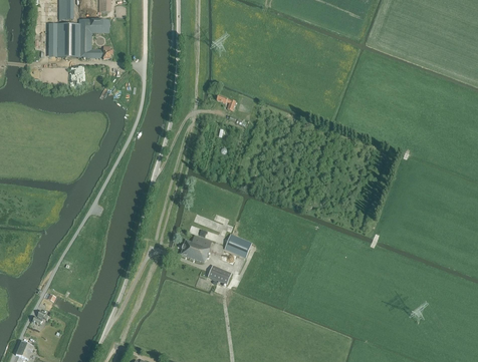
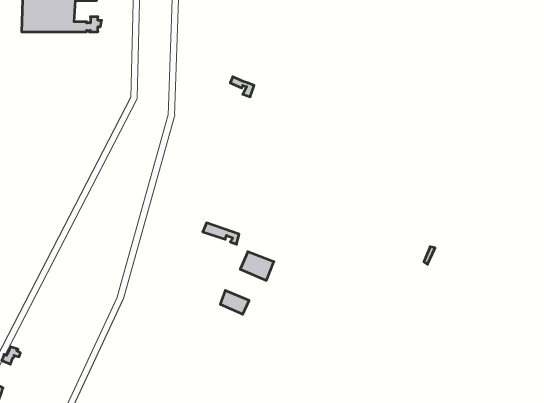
building: [180,234,212,262] -> none

